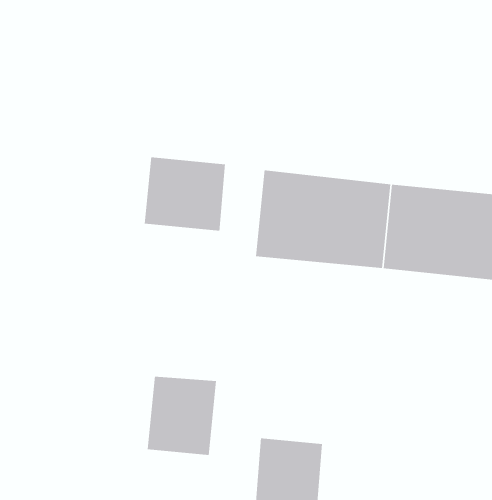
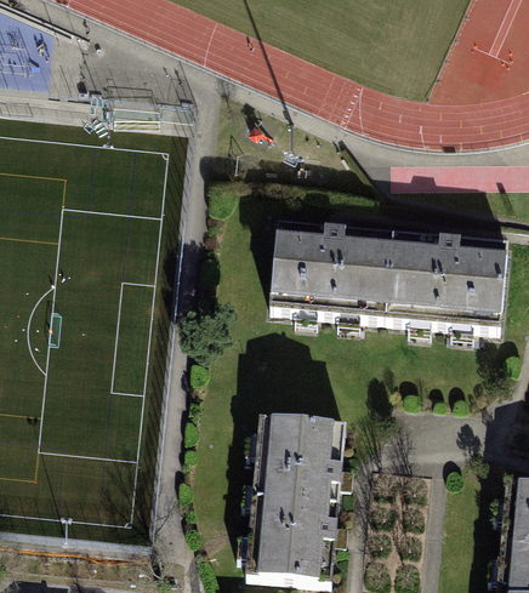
building: [144,157,225,231] -> none
building: [147,376,217,455] -> [268,417,339,497]

